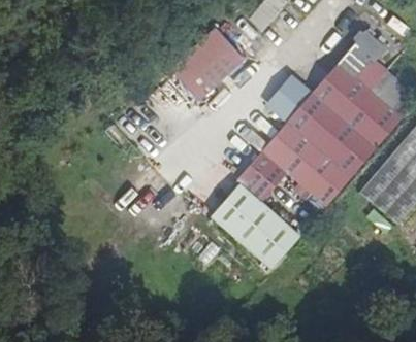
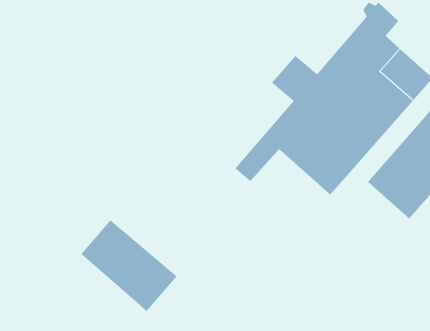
building: [171,34,238,100] -> none
building: [213,185,300,269] -> [80,220,178,312]

